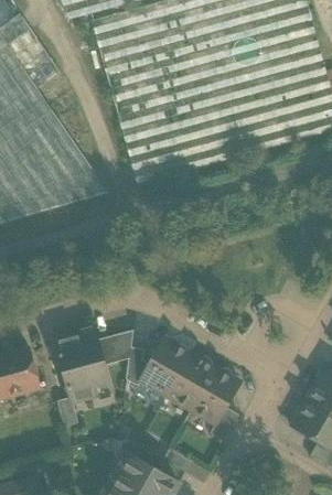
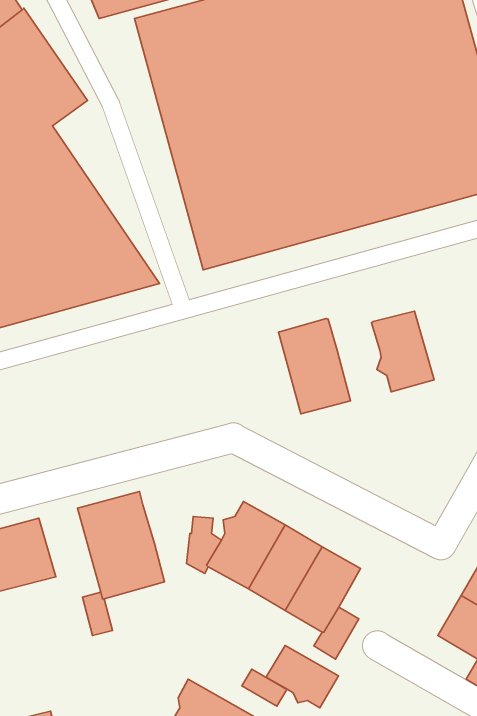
building: none -> [371,311,434,392]
building: none -> [278,319,350,414]
building: [97,329,133,364] -> none
building: none -> [266,646,339,708]

